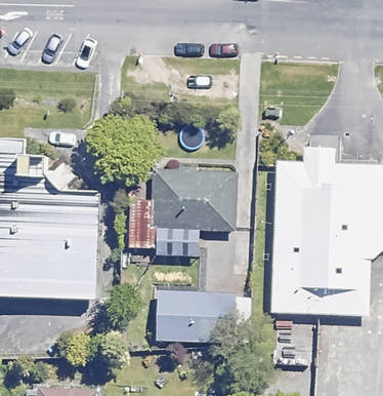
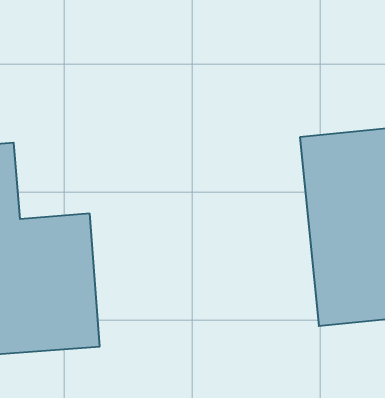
building: [156,160,238,258] -> none
building: [158,280,224,344] -> none

